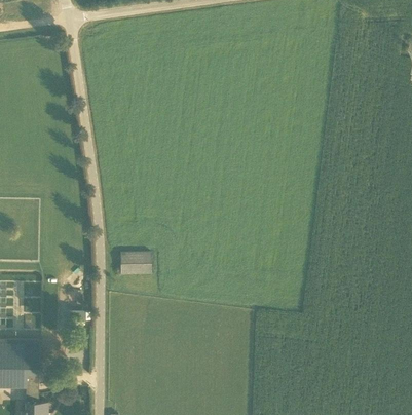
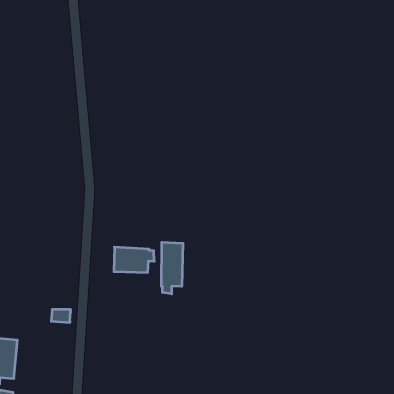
building: none -> [162,242,183,294]

